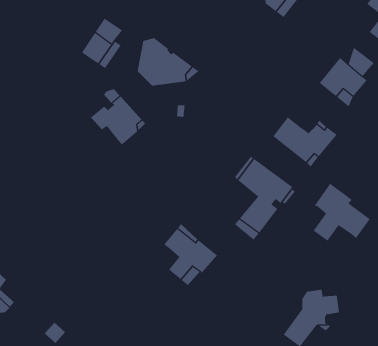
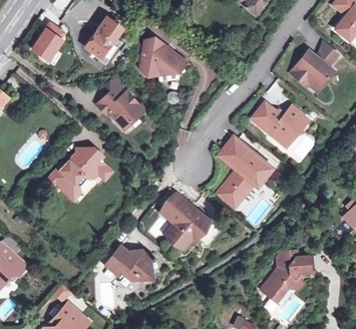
building: none -> [30,19,69,66]
building: none -> [46,146,112,200]
building: [313,183,370,241] -> none
building: none -> [100,245,145,279]

